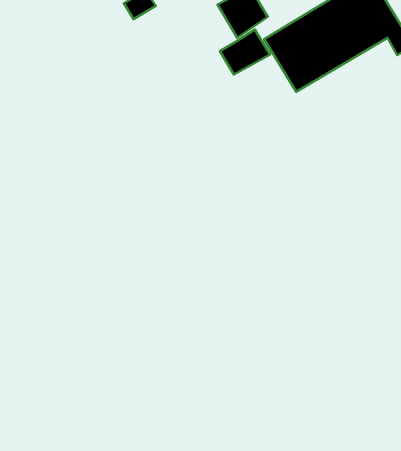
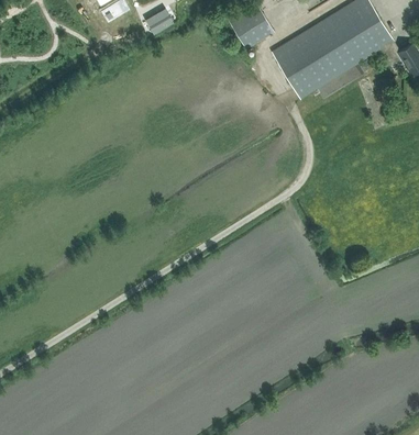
building: [220,30,270,74] -> none

